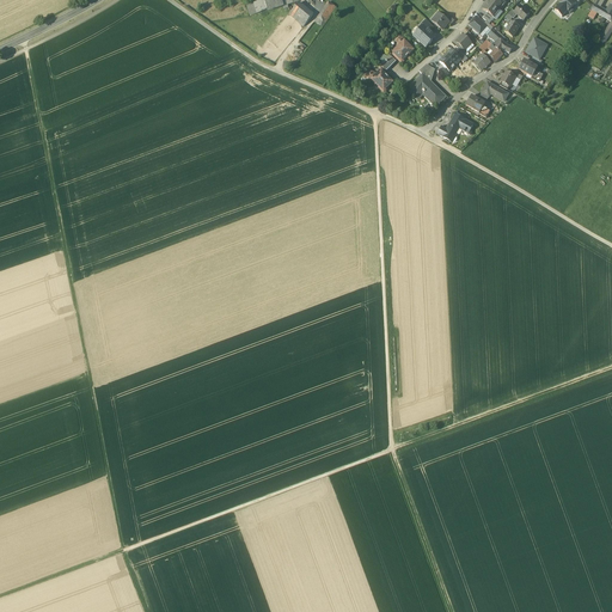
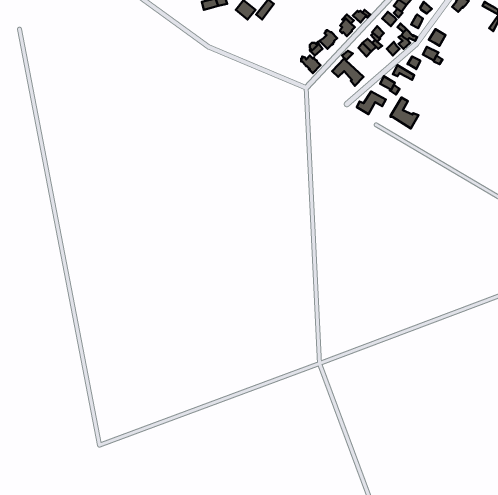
building: none -> [390,98,419,128]

